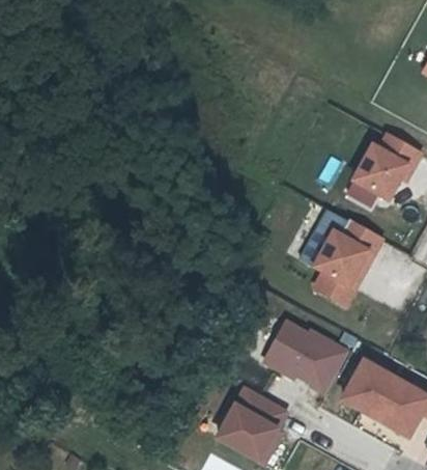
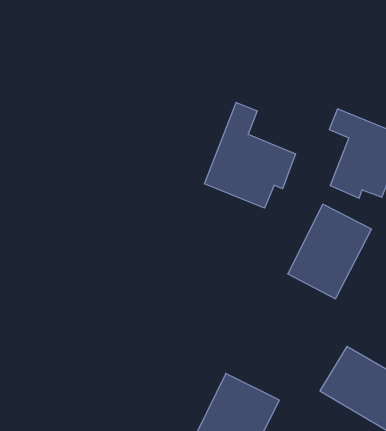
building: none -> [204,102,296,208]
building: [263,315,353,395] -> none

